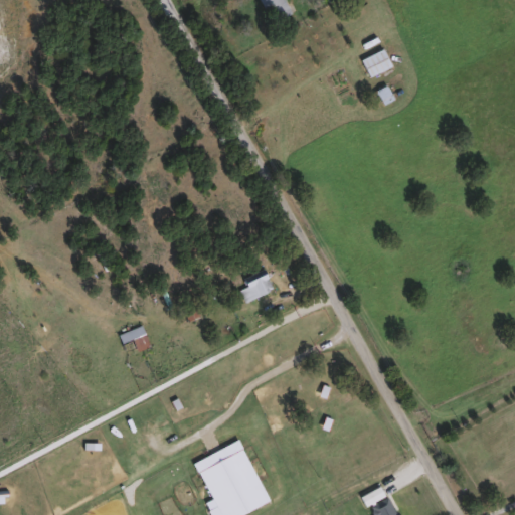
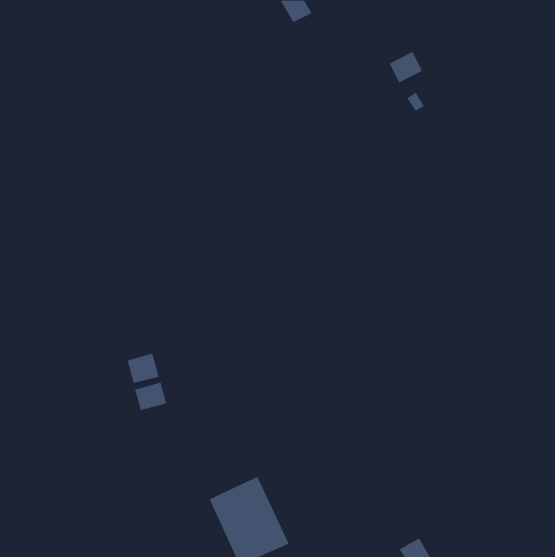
building: [240,268,274,302] -> none
building: none -> [134,382,167,411]

